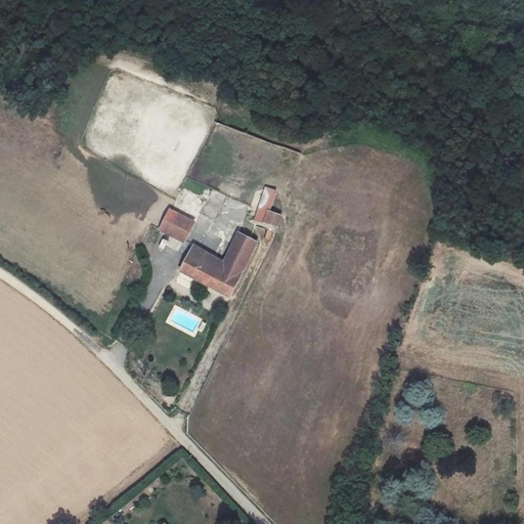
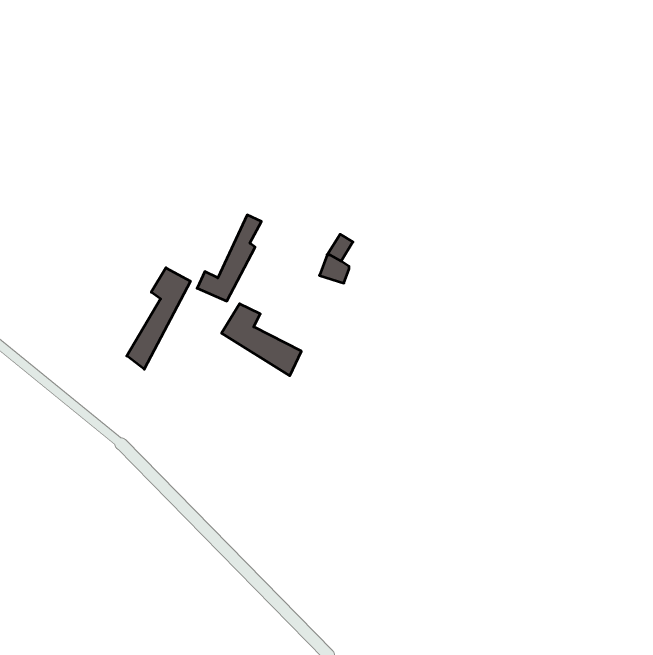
building: none -> [127,268,190,369]
building: [202,232,256,279] -> none

